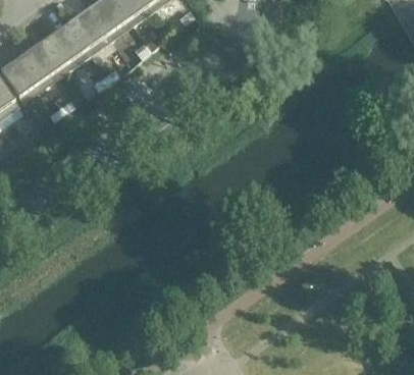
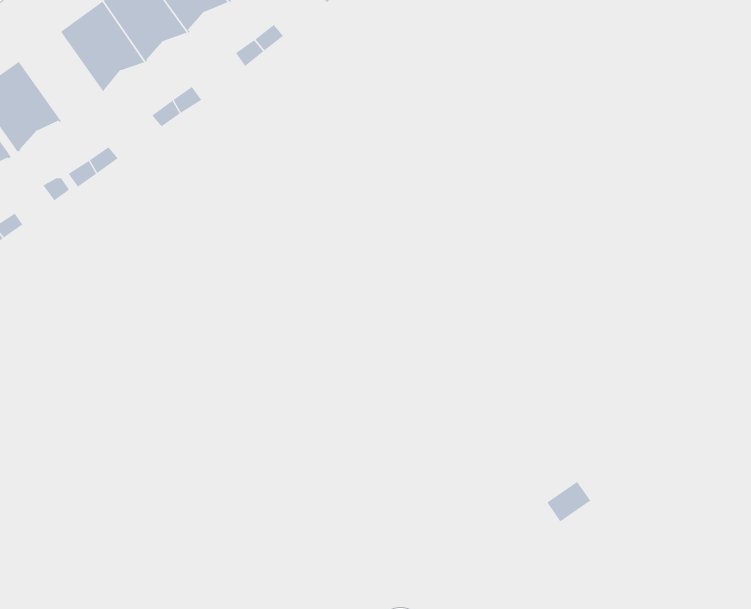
building: [21,40,65,87] -> none

